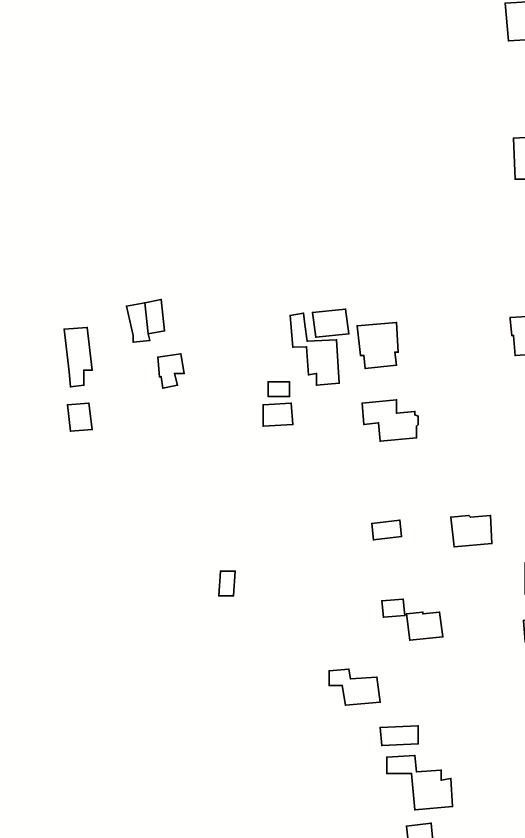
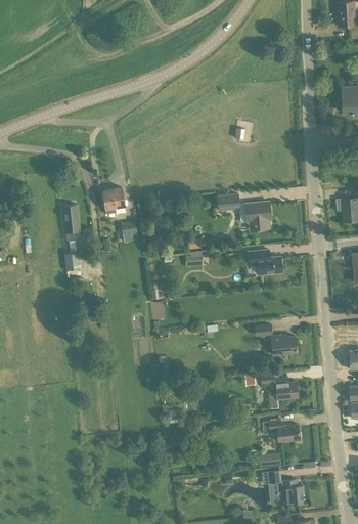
building: [290,313,339,385] -> none
building: [451,515,492,547] -> [271,335,297,354]
building: [329,669,380,705] -> [268,419,300,441]

